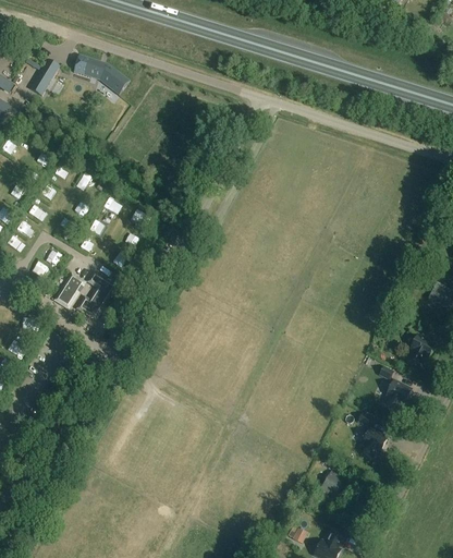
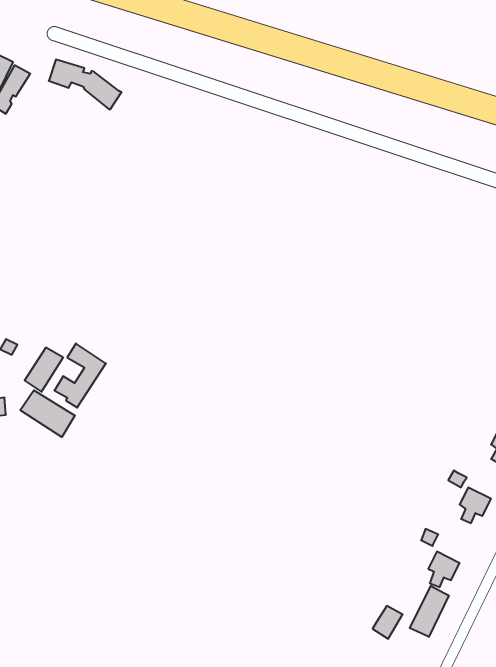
building: none -> [20,390,75,437]
building: none -> [410,586,449,637]

